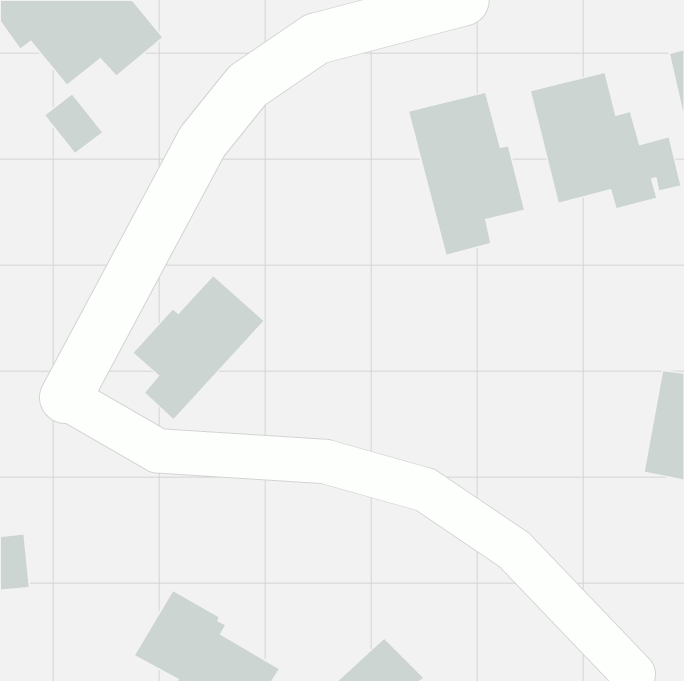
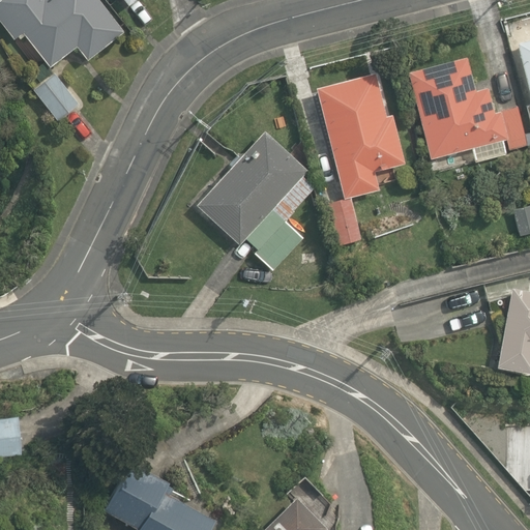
building: none -> [197,130,317,271]
building: [133,276,264,420] -> none

